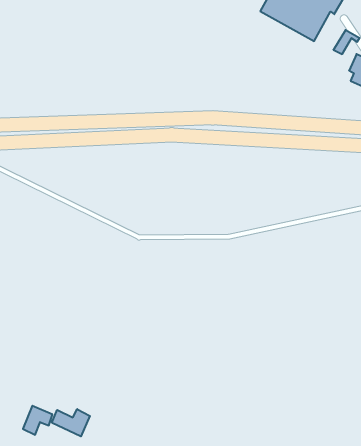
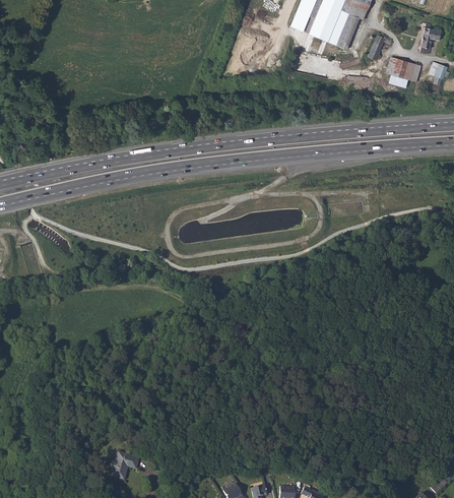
building: [52,409,90,436] -> none

